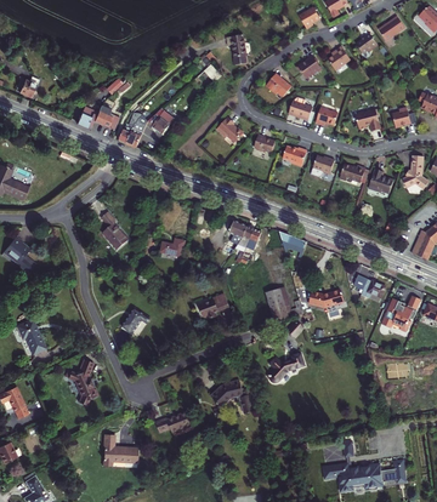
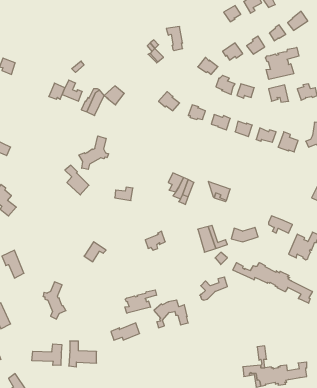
building: none -> [266,47,299,79]
building: none -> [79,136,109,169]
building: none -> [233,263,312,303]
building: none -> [125,290,157,313]
building: none -> [32,344,62,365]

